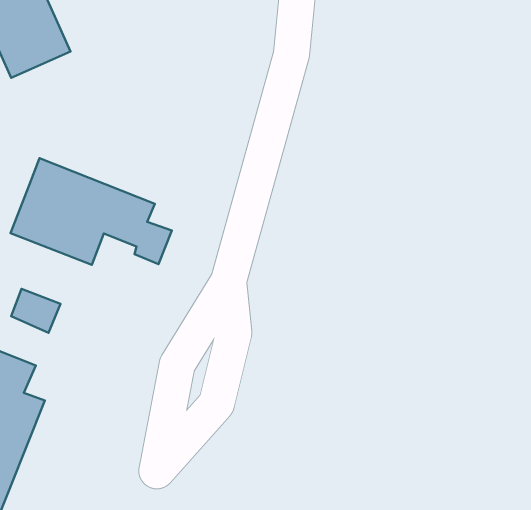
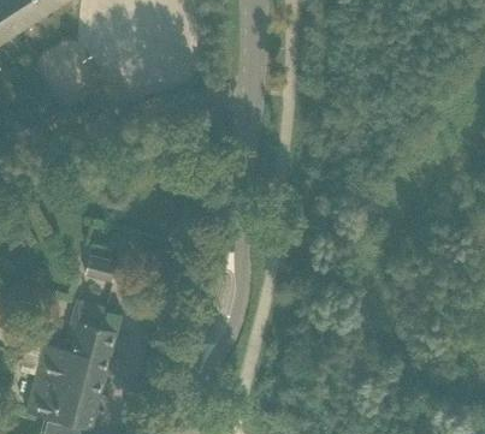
building: [10,158,172,265] -> none

